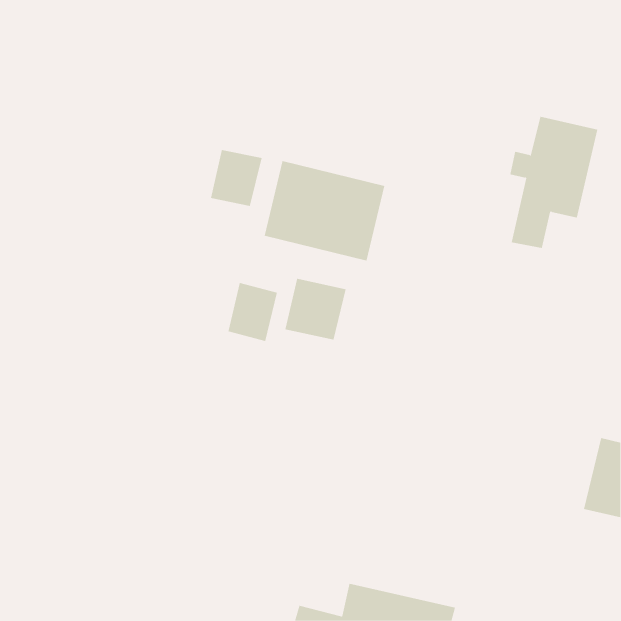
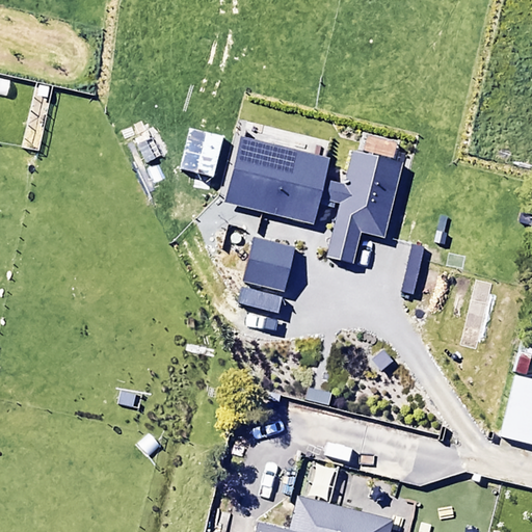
building: [510,116,598,249] -> [326,151,402,264]
building: [228,282,277,342] -> none

